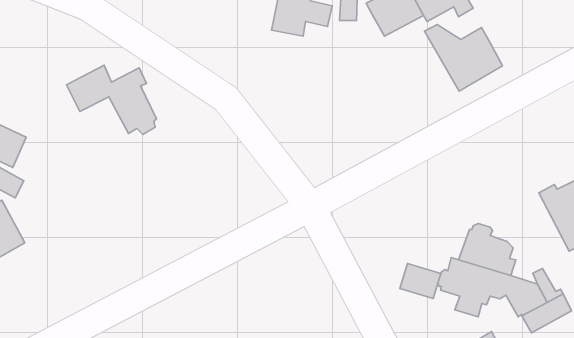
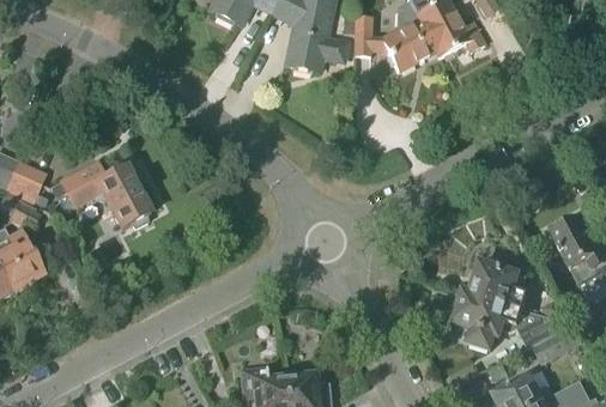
building: [425,24,503,91] -> none
building: [66,65,156,135] -> [60,162,149,230]
building: [400,263,441,298] -> none

